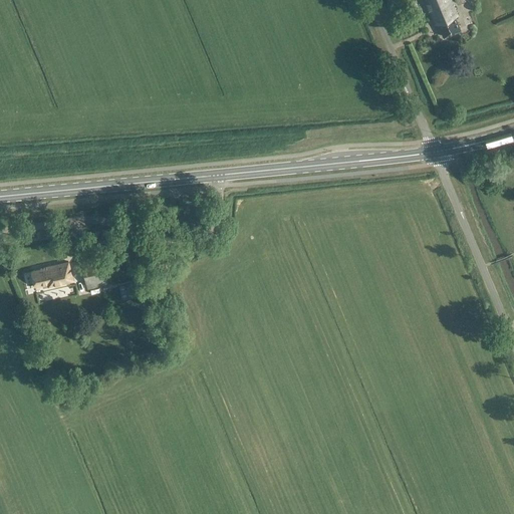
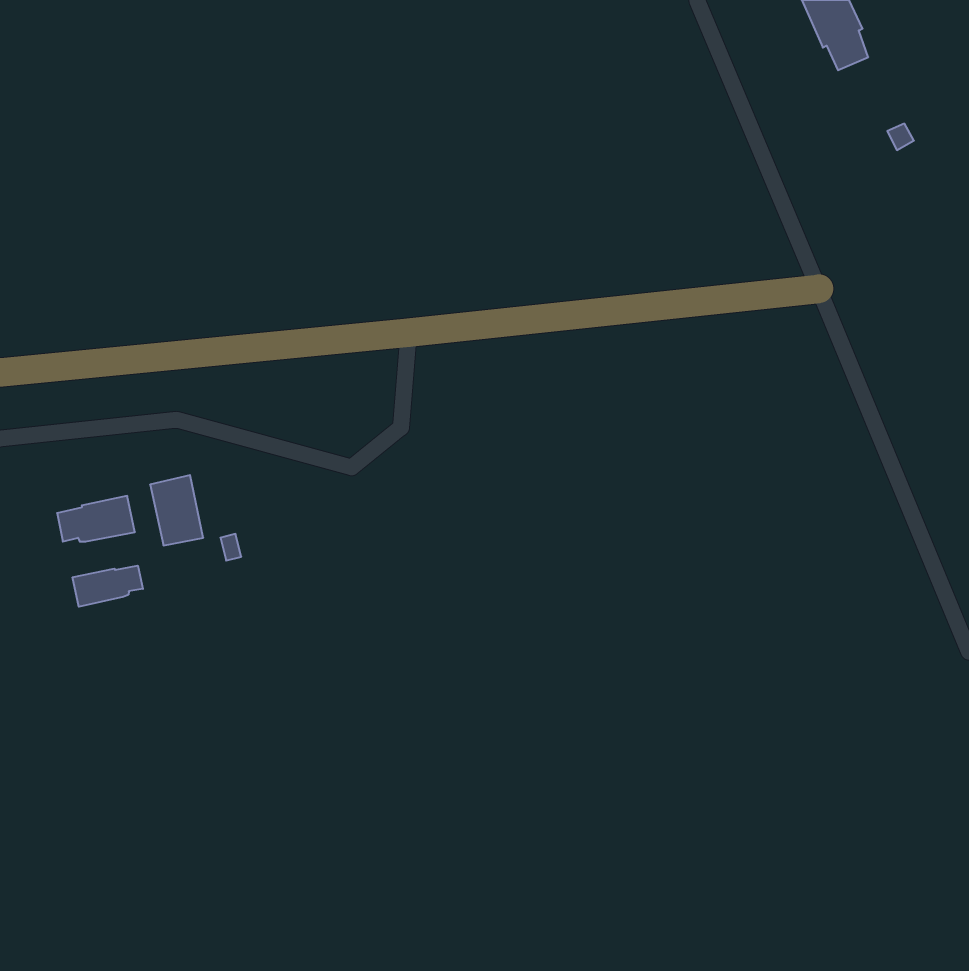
building: none -> [73,566,143,607]

